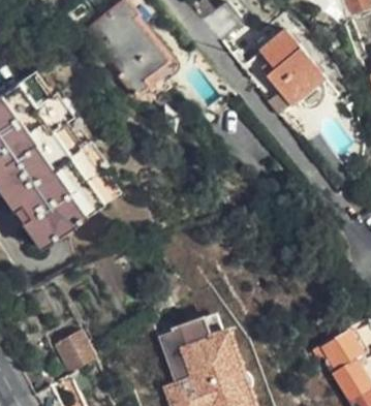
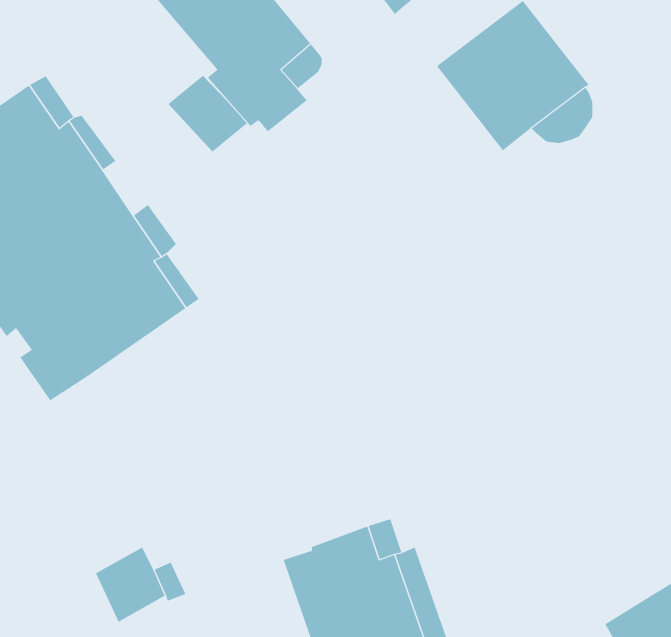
building: none -> [168,75,248,153]
building: [313,332,364,373] -> none

